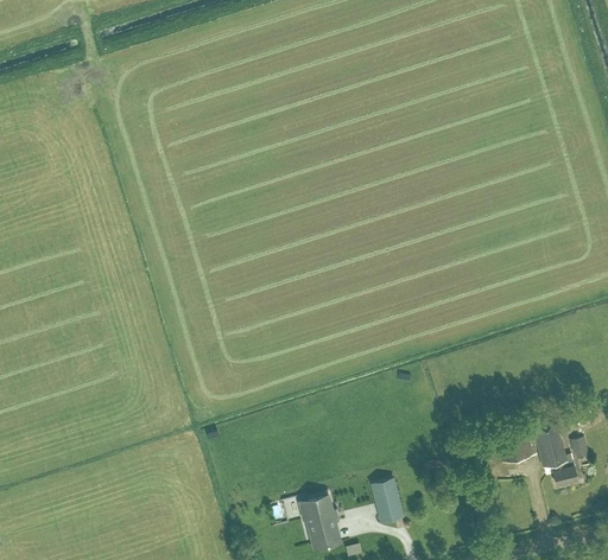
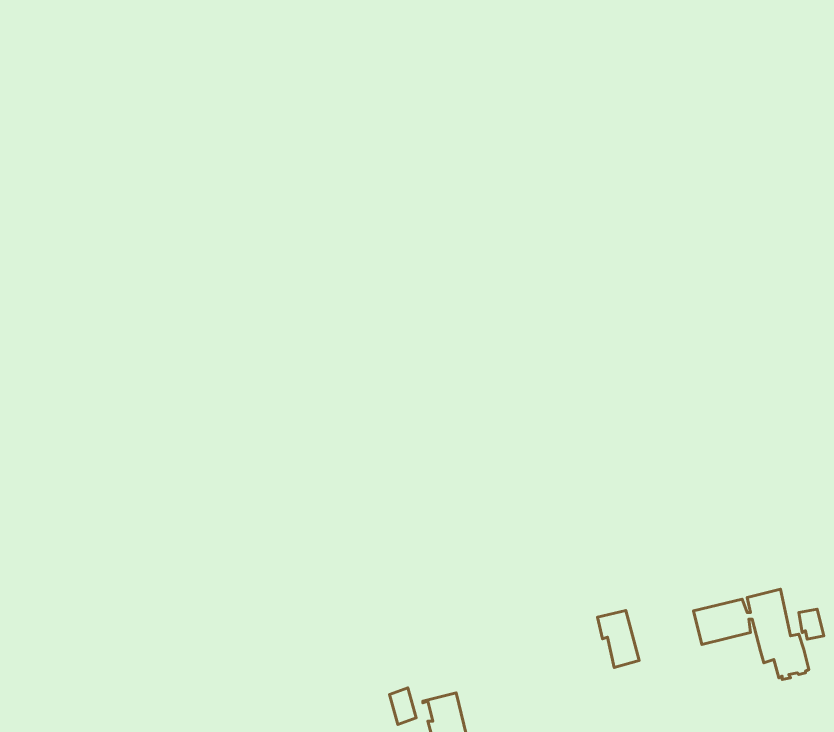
building: [373,481,403,521] -> [597,611,639,667]

